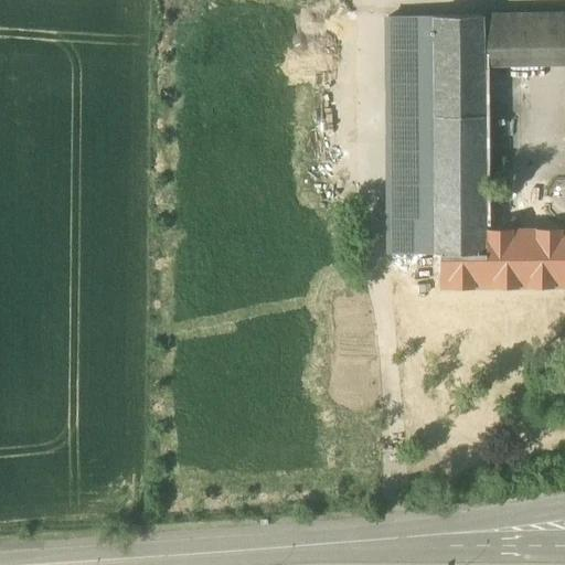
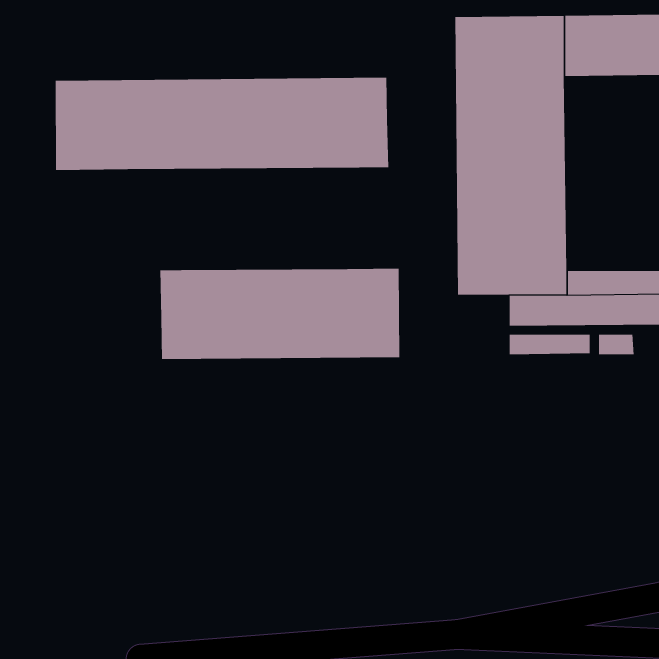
building: none -> [55,77,389,171]
building: none -> [160,268,400,360]

